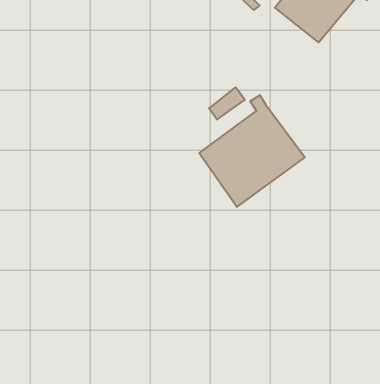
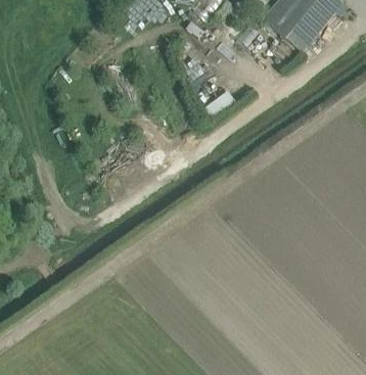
building: [199,95,305,207] -> none

